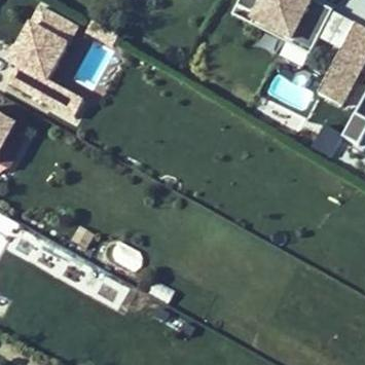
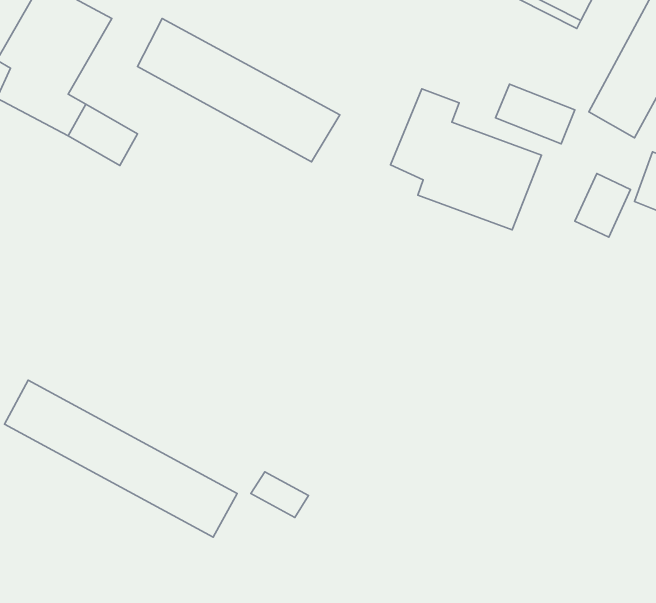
building: none -> [137,18,340,162]
building: none -> [391,89,542,230]

